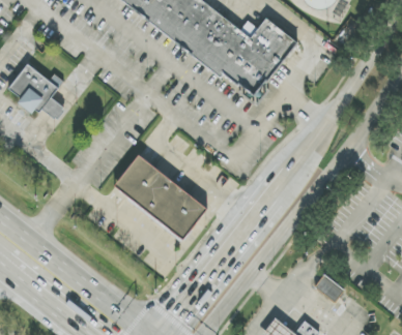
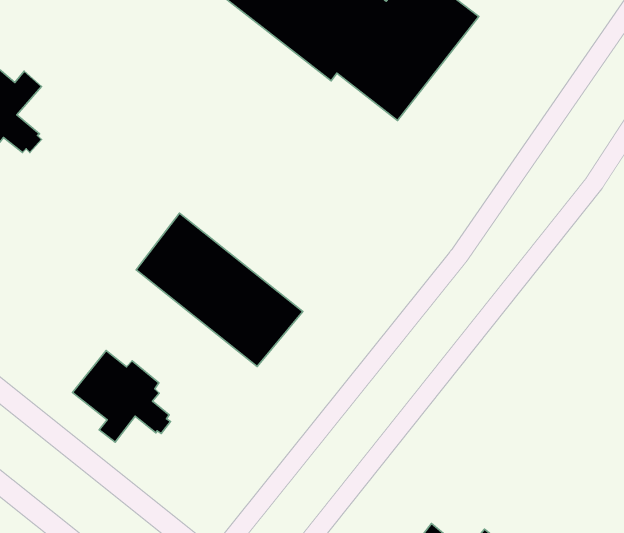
building: none -> [72,350,170,442]
building: [316,276,346,304] -> none

